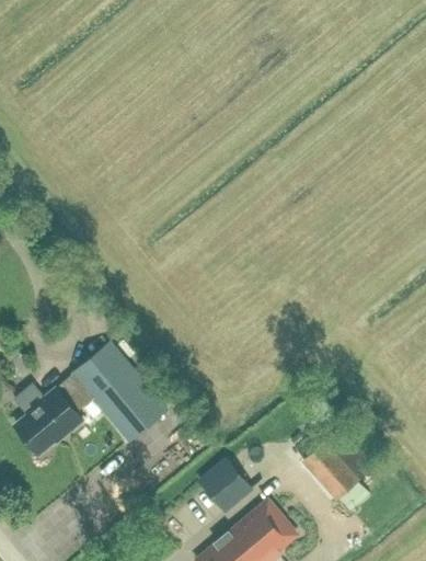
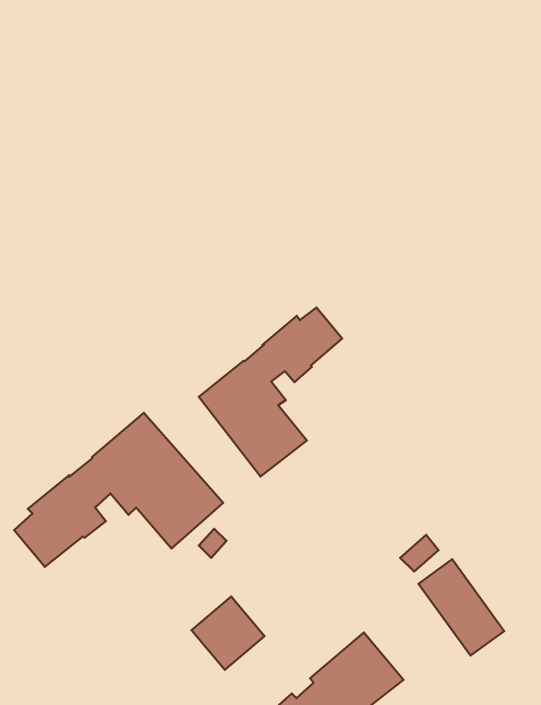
building: none -> [199,308,342,477]
building: [200,458,253,511] -> [191,596,265,670]

